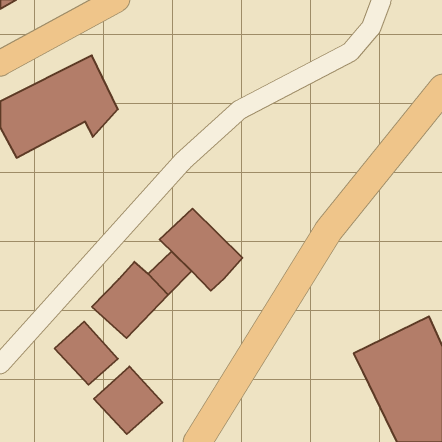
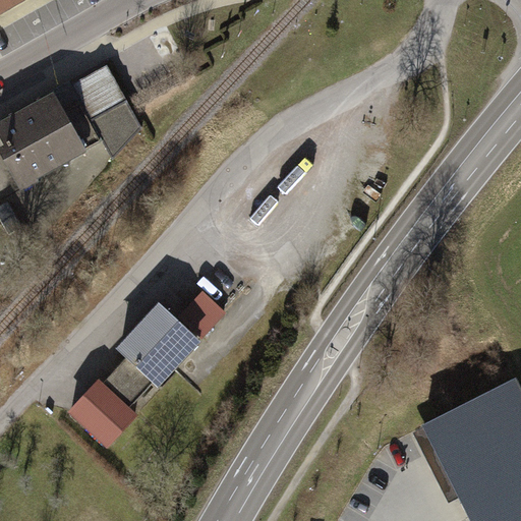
building: [160,209,242,291] -> none
building: [94,366,162,434] -> none

